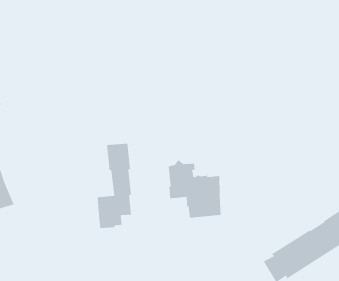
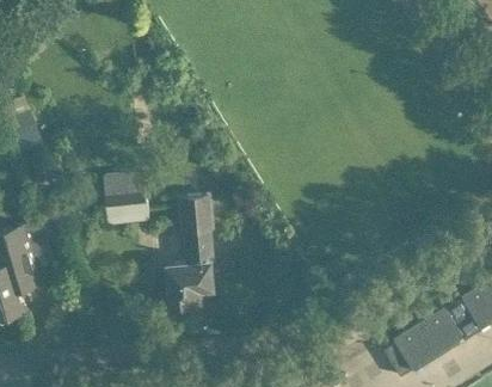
building: none -> [103,174,147,209]
building: [168,159,221,219] -> none

